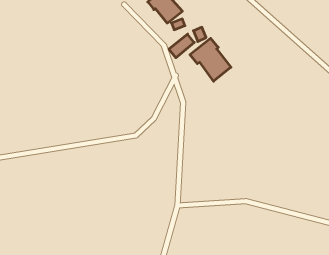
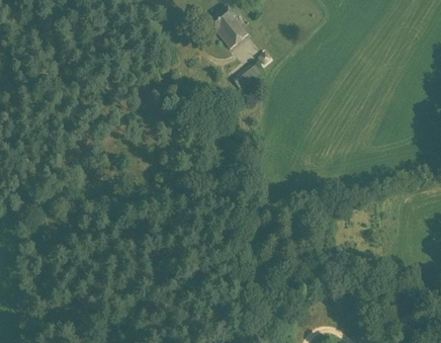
building: [190,38,231,81] -> none

